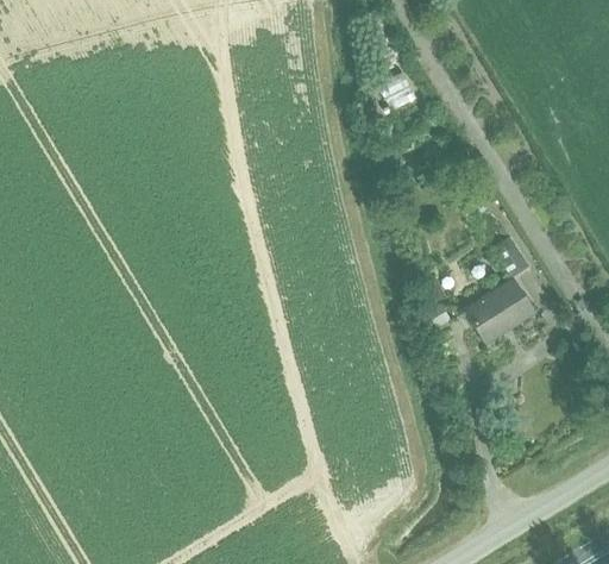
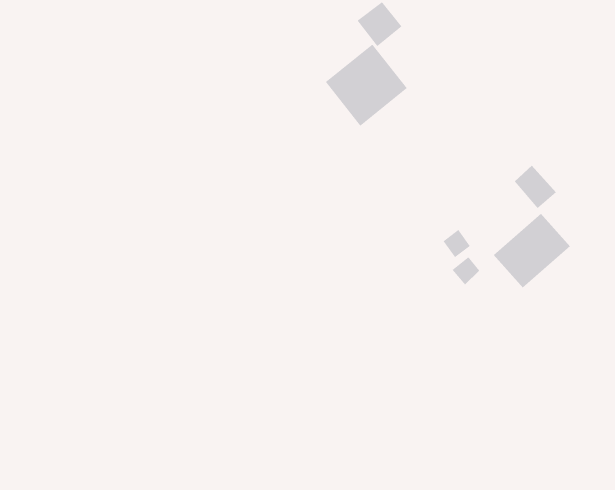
building: none -> [325,44,408,127]

